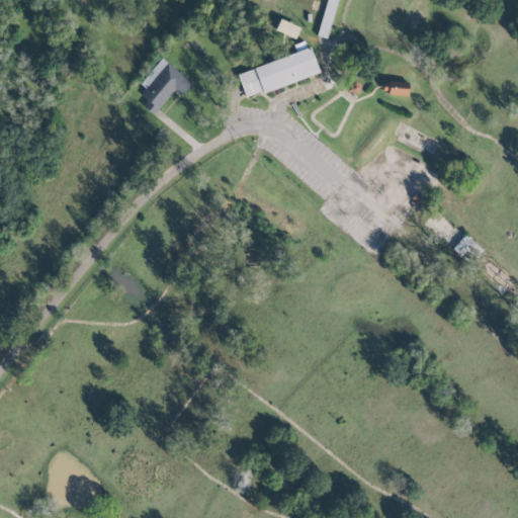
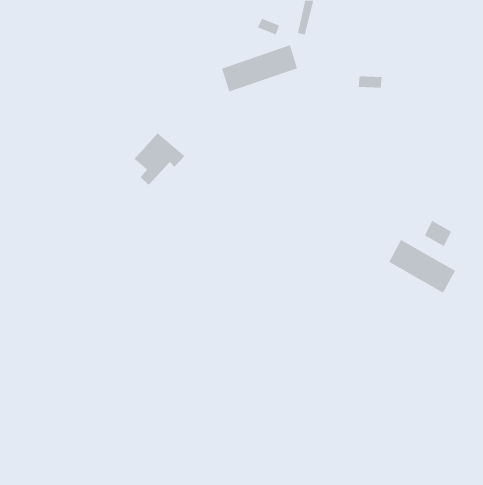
building: [138,58,192,114] -> [134,132,185,186]
building: none -> [388,239,456,293]

